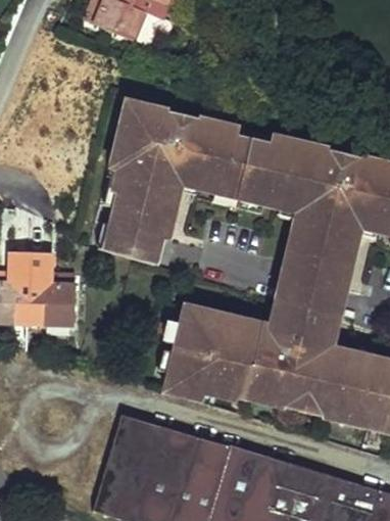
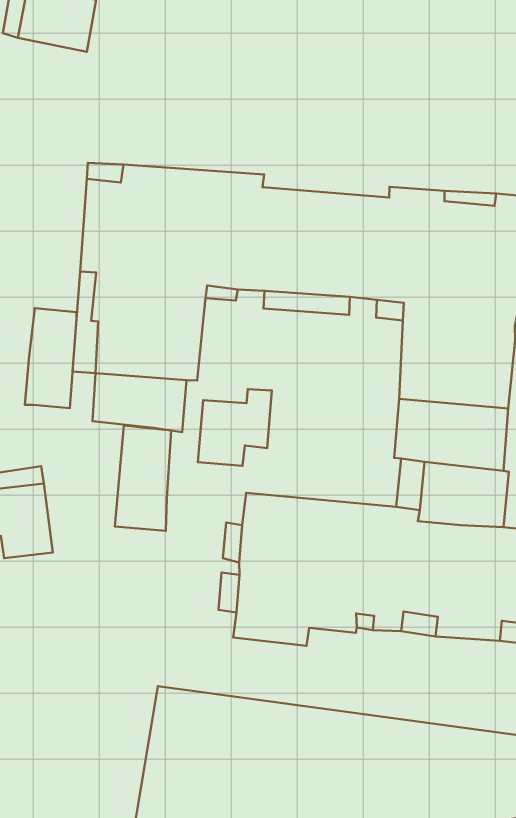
building: none -> [25,308,77,408]
building: none -> [198,389,272,466]
building: none -> [115,425,171,531]

